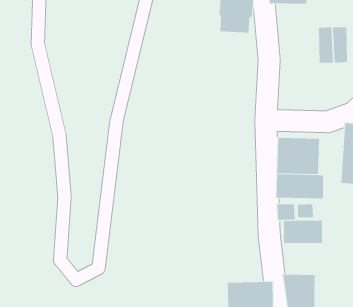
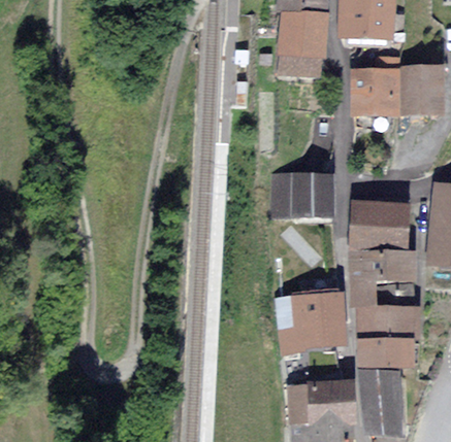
building: none -> [354,60,398,112]
building: none -> [277,175,331,215]
building: none -> [280,294,344,349]
building: none -> [361,336,412,364]

